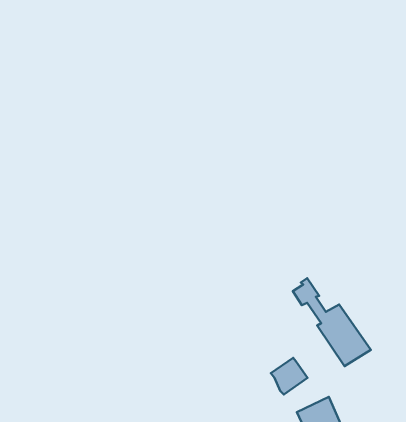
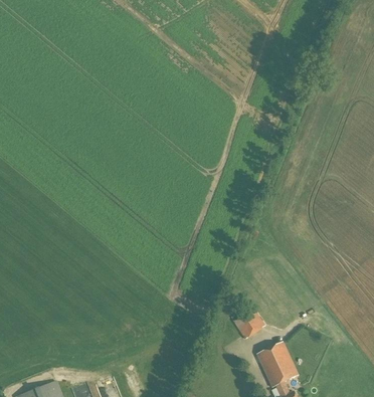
building: [293,278,371,366] -> none

